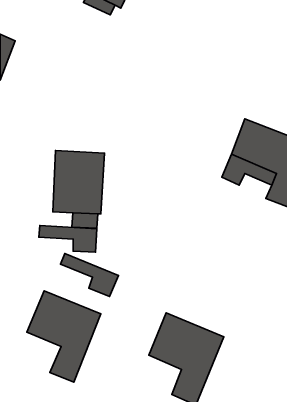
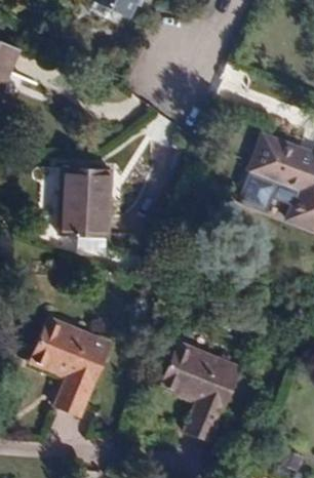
building: [39,225,97,252] -> none
building: [60,254,118,296] -> none

